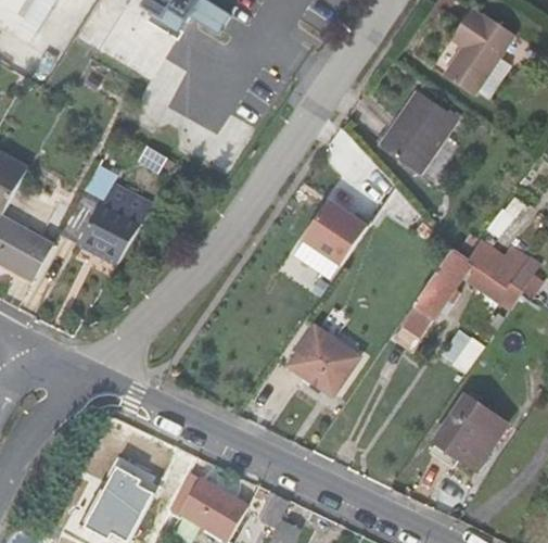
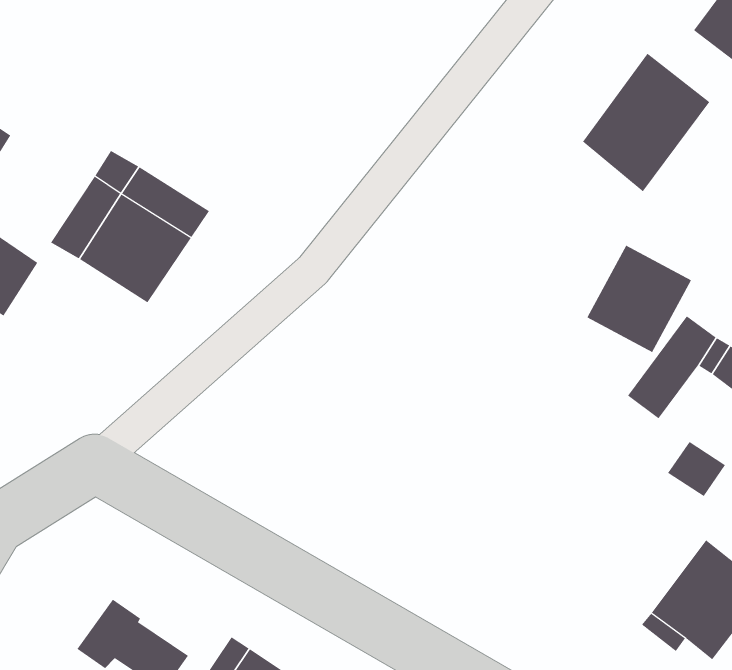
building: [308,189,371,254] -> [587,245,692,353]
building: [397,301,439,349] -> none
building: [289,328,360,399] -> none

